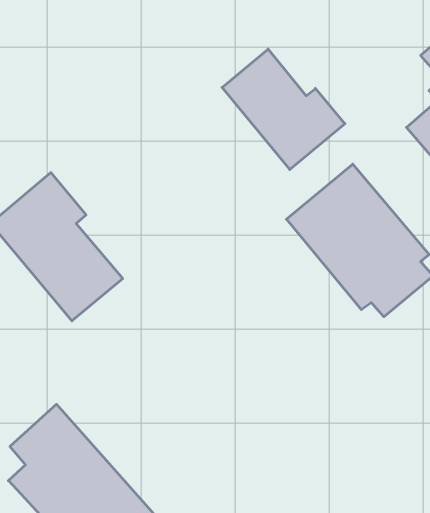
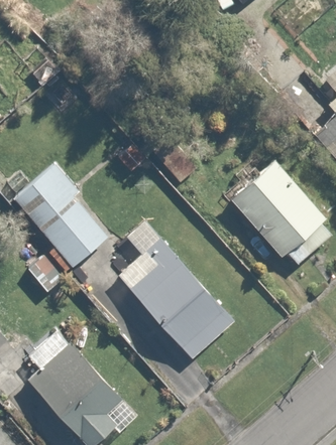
building: [222,49,345,170] -> none
building: none -> [122,219,235,359]

